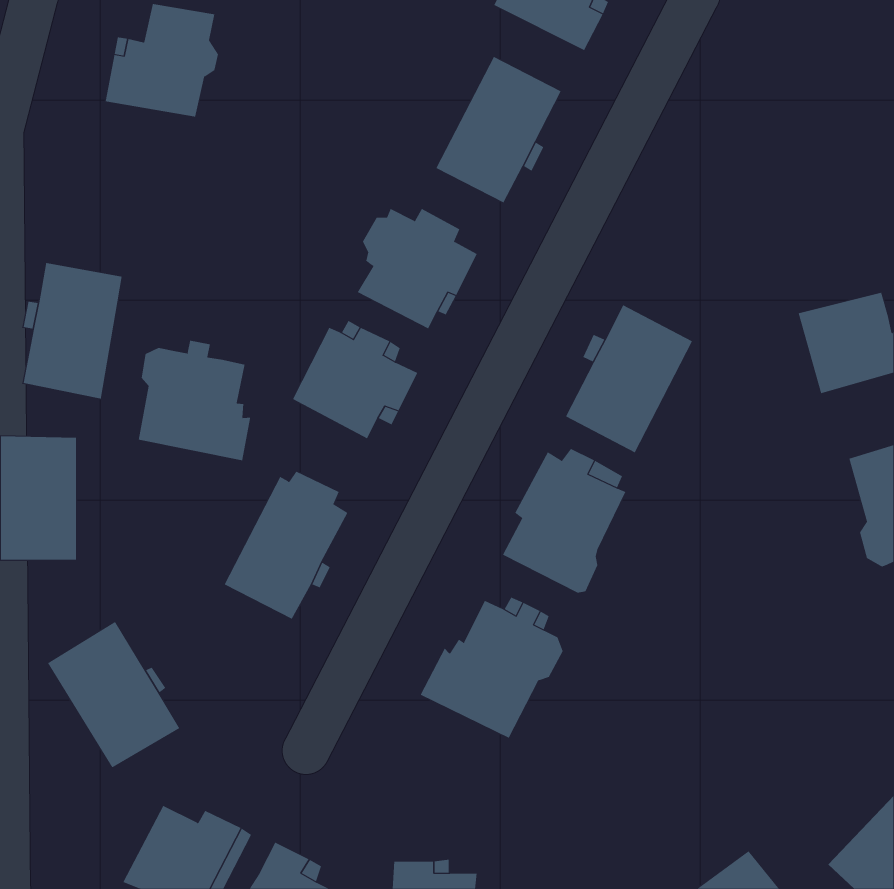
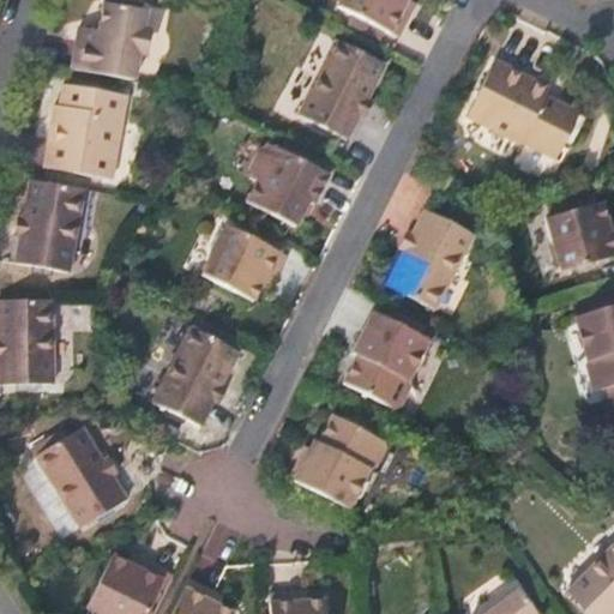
building: none -> [466,59,591,156]
building: none -> [43,84,127,179]
building: [138,340,251,461] -> none

